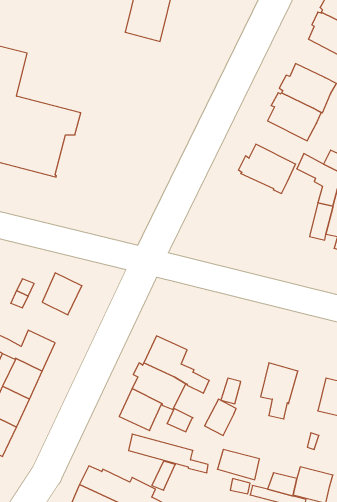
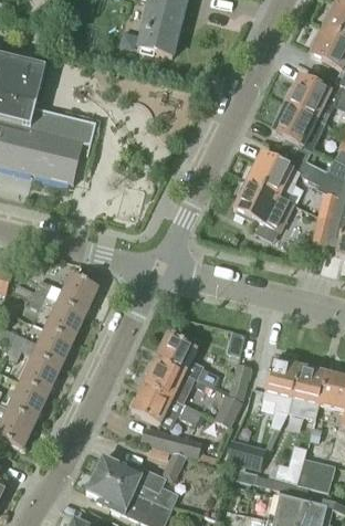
building: none -> [233,180,293,231]
building: none -> [46,302,84,340]
building: none -> [289,362,328,419]

